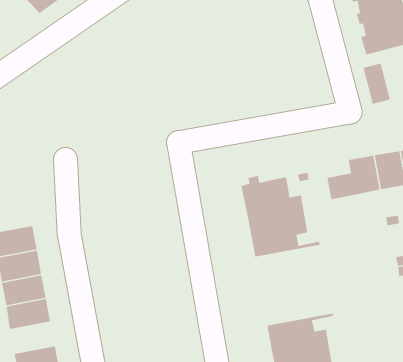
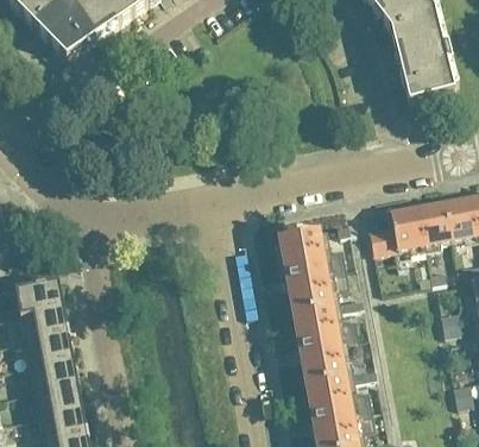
building: [362,62,391,105] -> none
building: none -> [291,301,374,385]
building: none -> [33,382,82,415]

